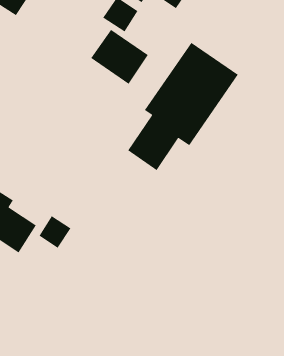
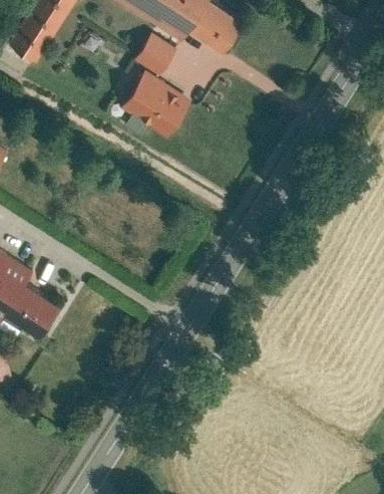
building: [127,42,239,171] -> none
building: [38,215,72,249] -> none

